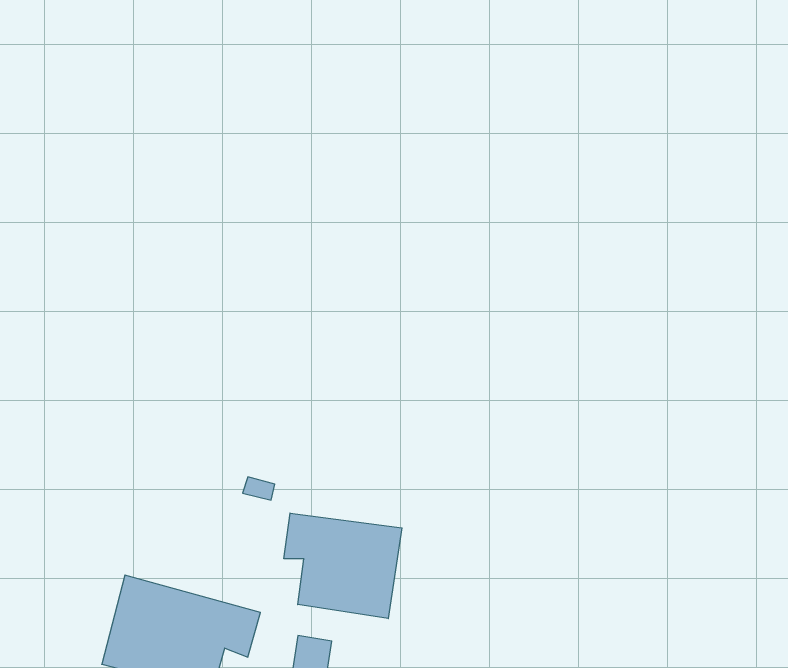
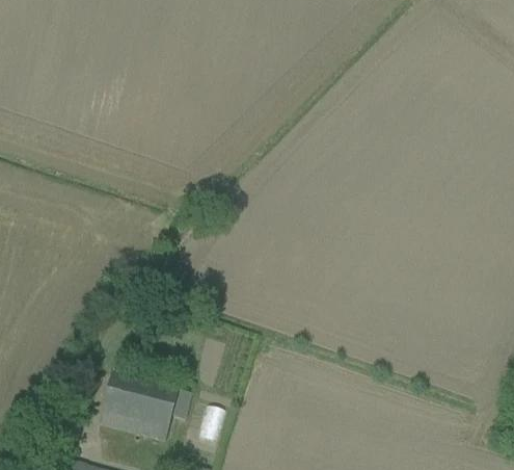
building: [284,513,402,619] -> none

